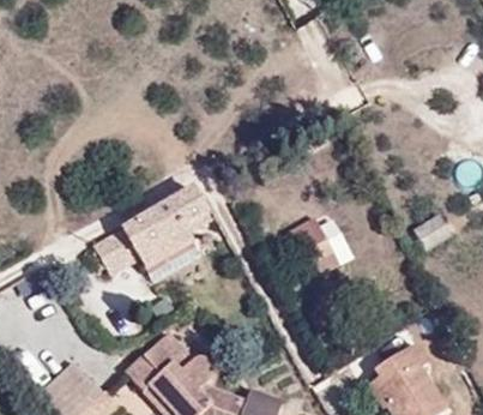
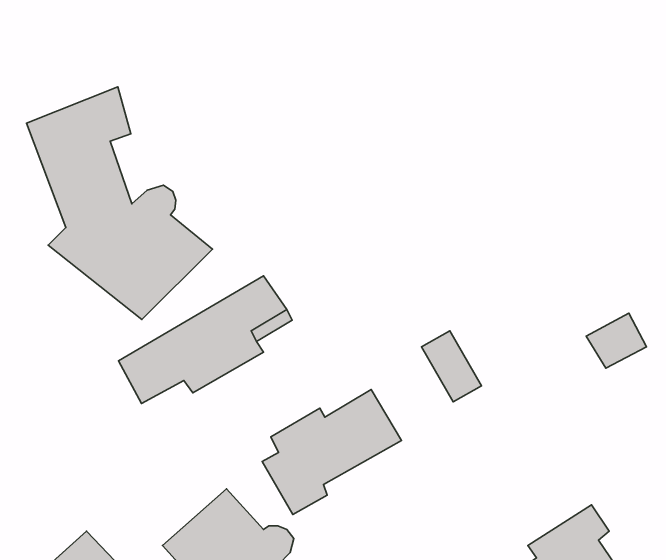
building: none -> [27,87,213,320]
building: none -> [262,390,401,515]

